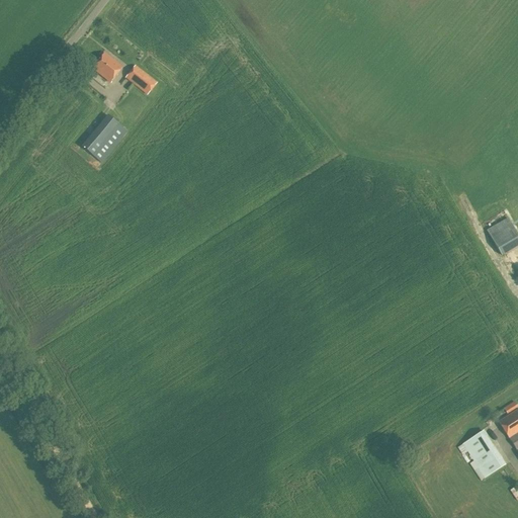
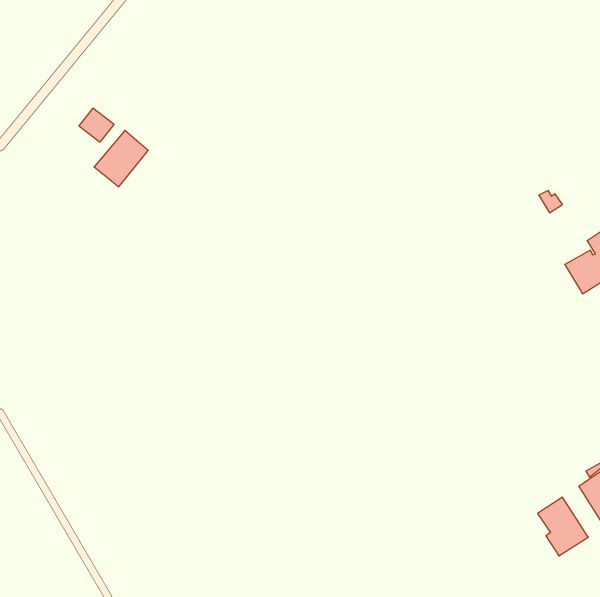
building: [93,51,123,80] -> [79,108,114,142]
building: [126,64,158,92] -> none

